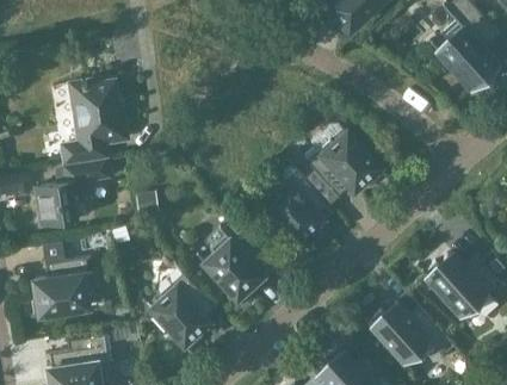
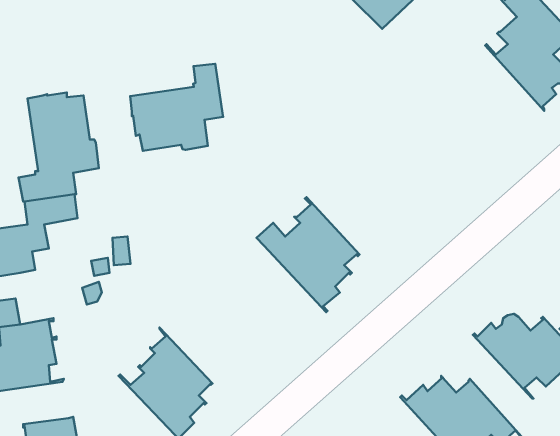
building: none -> [130,64,223,151]
building: [298,125,387,207] -> none
building: [196,219,271,308] -> none

